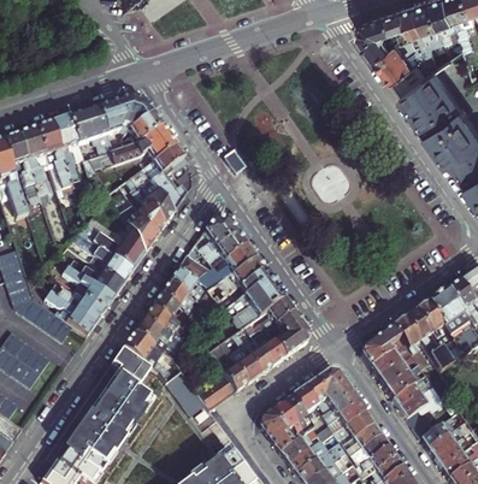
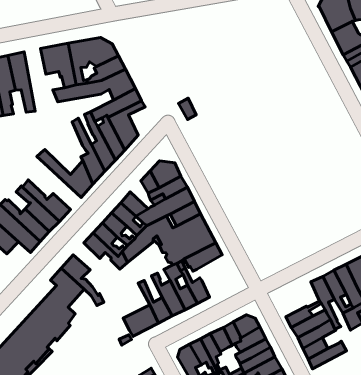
building: [51,117,96,188] -> none
building: [82,238,132,284] -> none
building: [266,311,307,358] -> none
building: [132,318,181,353] -> none
building: [360,326,402,367] -> none
building: [165,371,203,415] -> none

